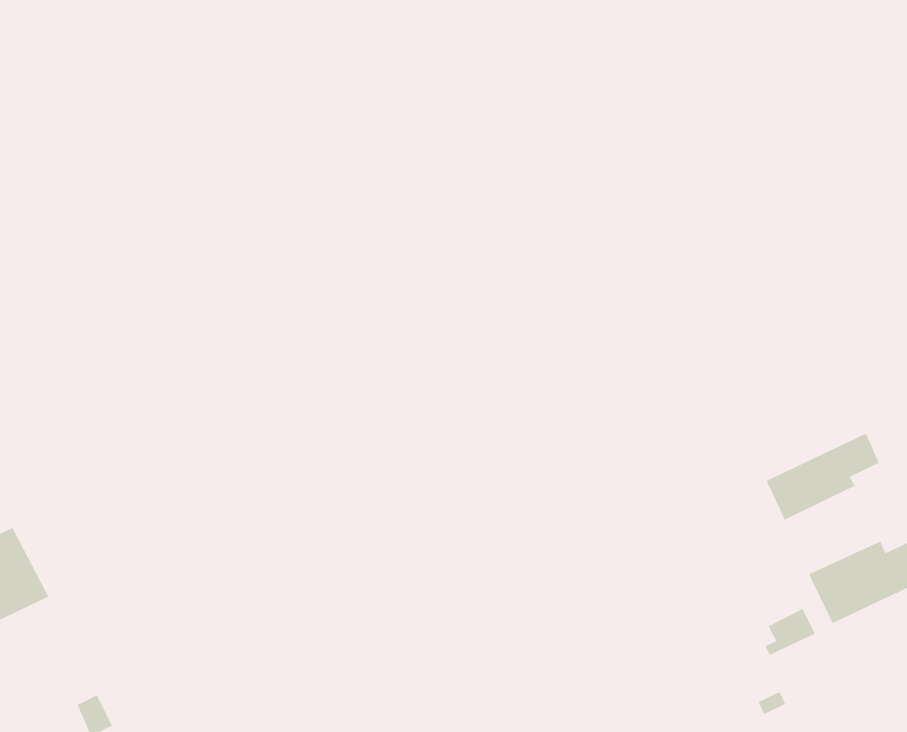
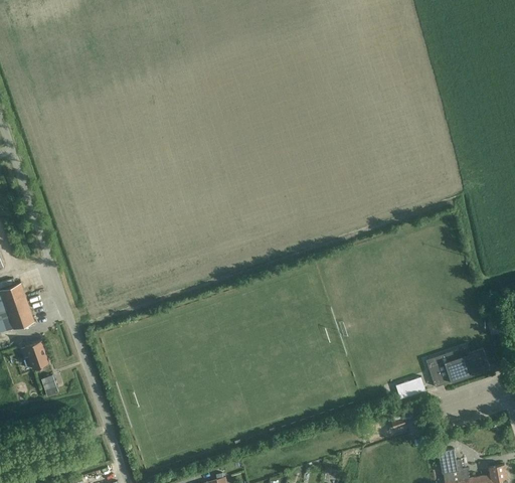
building: [766,433,879,521] -> none
building: none -> [21,341,49,370]

